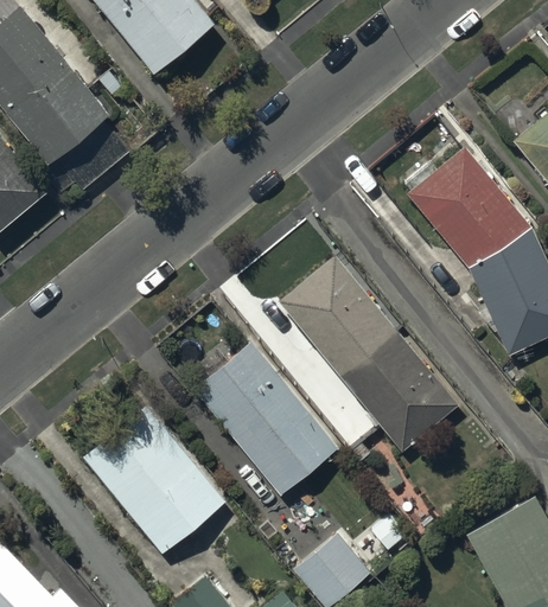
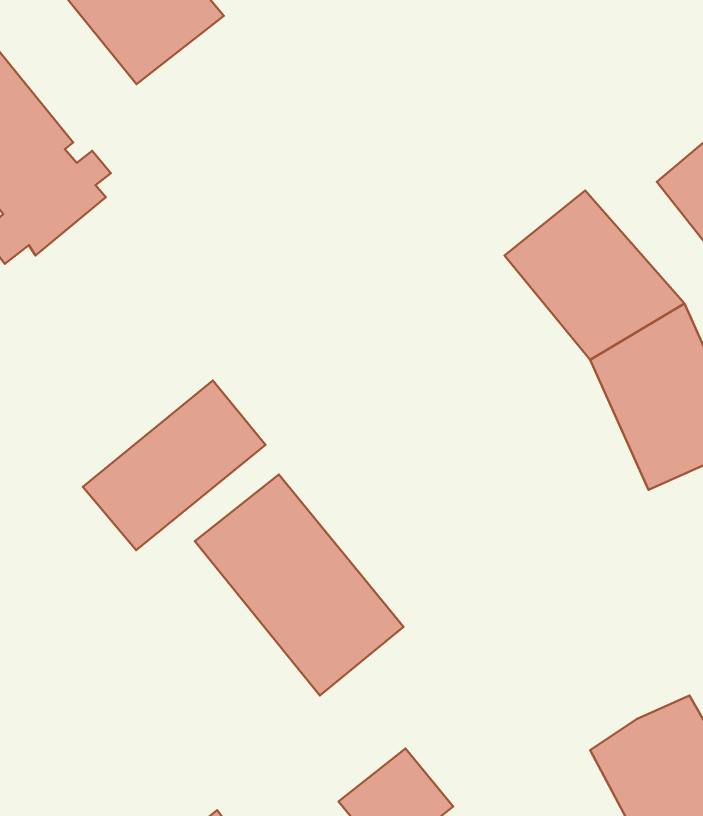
building: [279,255,460,453] -> none
building: none -> [83,380,266,550]
building: [84,407,225,554] -> none

